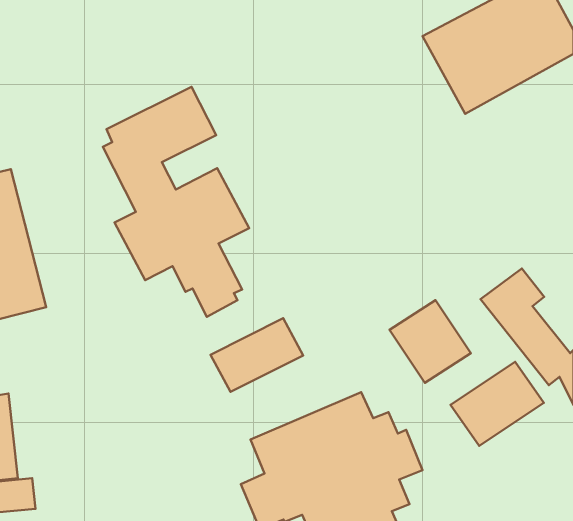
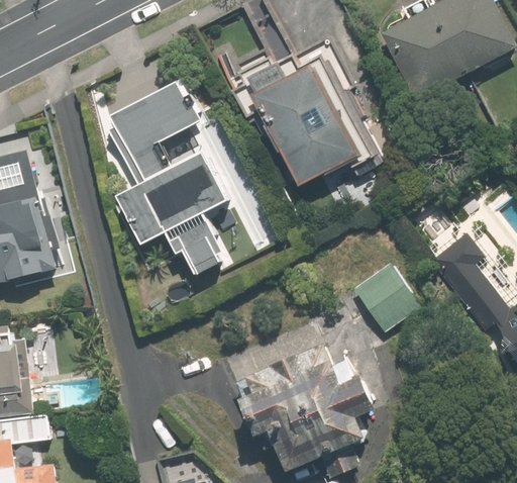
building: none -> [252,61,364,185]
building: [210,318,303,392] -> none
building: [451,362,544,446] -> none

